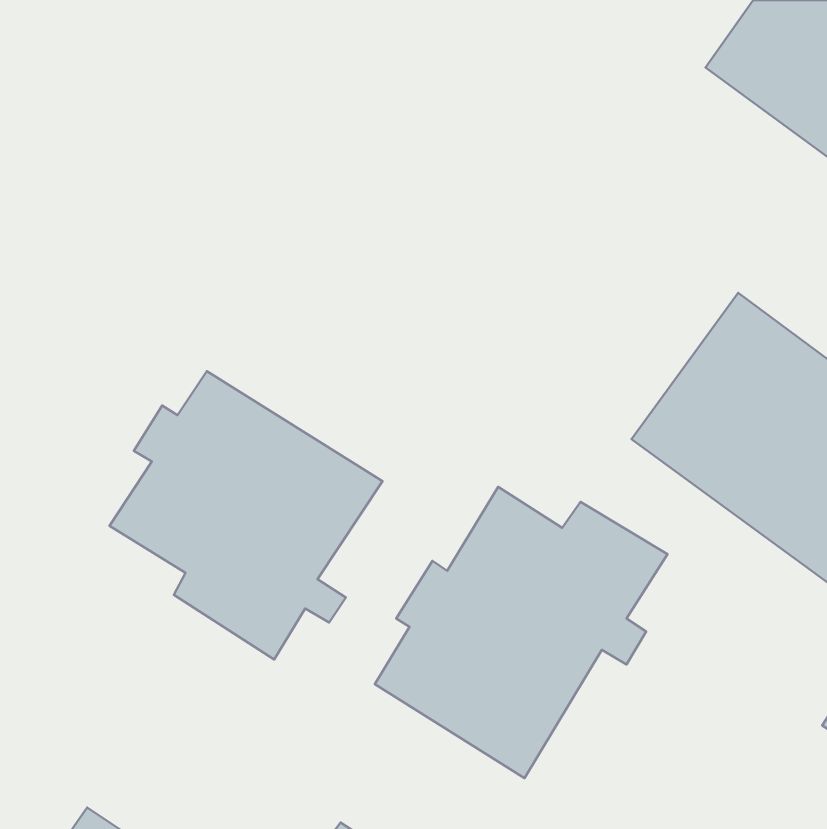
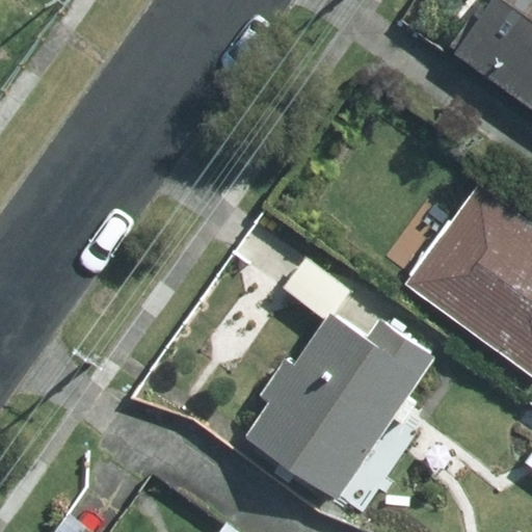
building: [110,371,382,660] -> none

